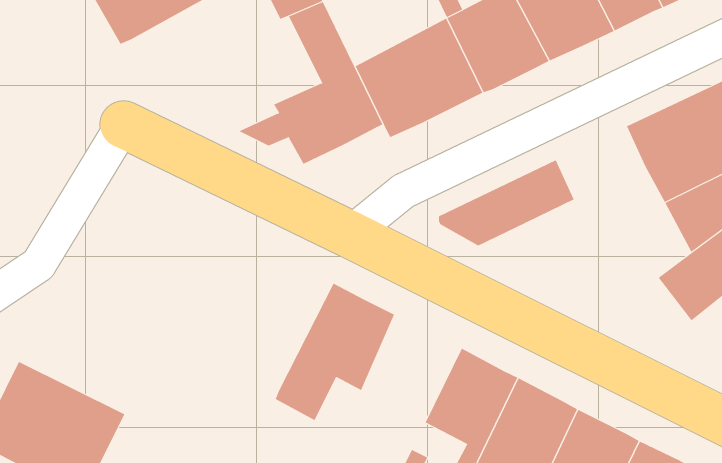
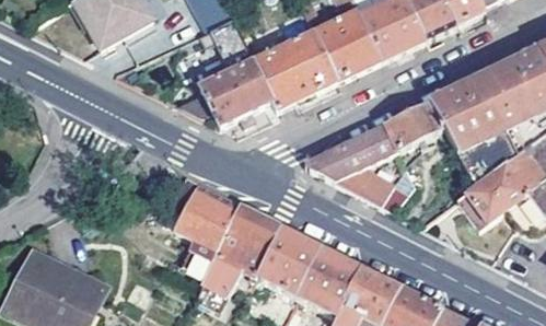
building: none -> [387,100,445,148]
building: none -> [336,163,416,210]
building: none -> [176,177,241,273]
building: none -> [259,223,325,294]

